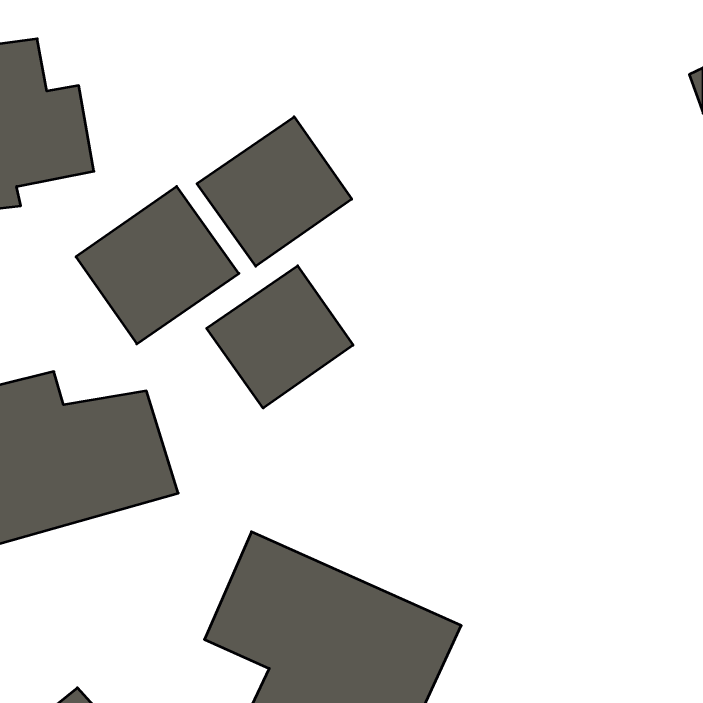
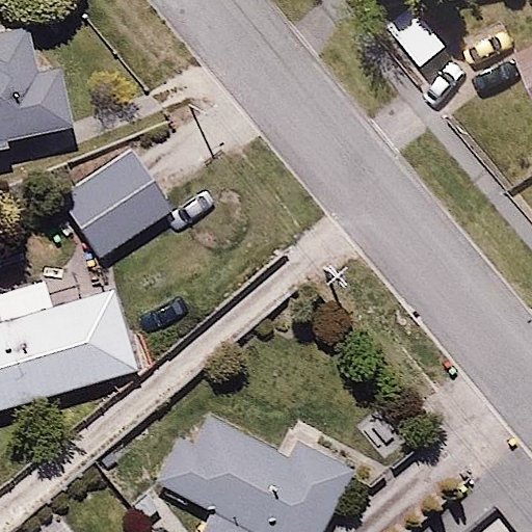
building: [197,117,352,266] -> none
building: [207,266,353,408] -> none

